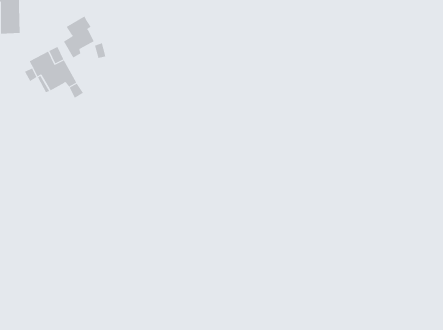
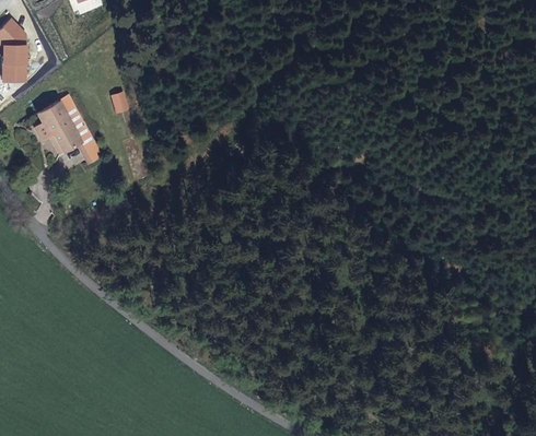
building: [63,16,94,59] -> none

